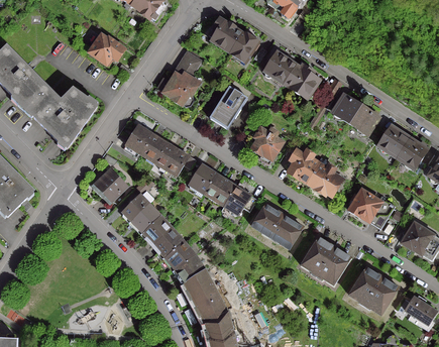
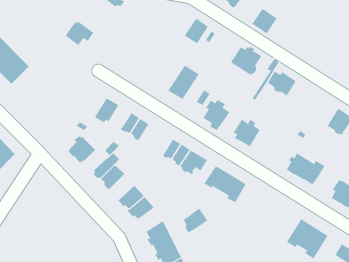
building: [210,17,241,51] -> none
building: [157,50,200,106] -> none
building: [264,52,295,83] -> [252,8,277,34]
building: [26,88,96,147] -> none
building: [349,105,377,134] -> none
building: [377,125,409,157] -> none
building: [140,133,167,159] -> none
building: [306,162,342,196] -> none
building: [188,163,215,193] -> none
building: [142,214,171,245] -> none
building: [301,236,350,283] -> none
building: [175,253,204,283] -> [183,208,208,233]

